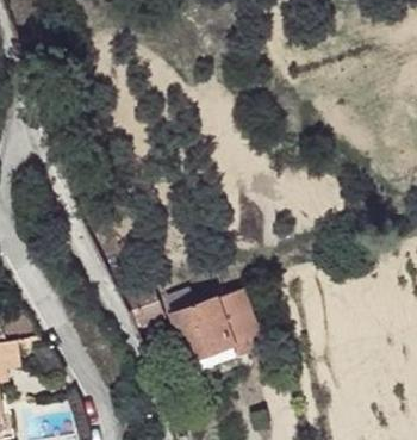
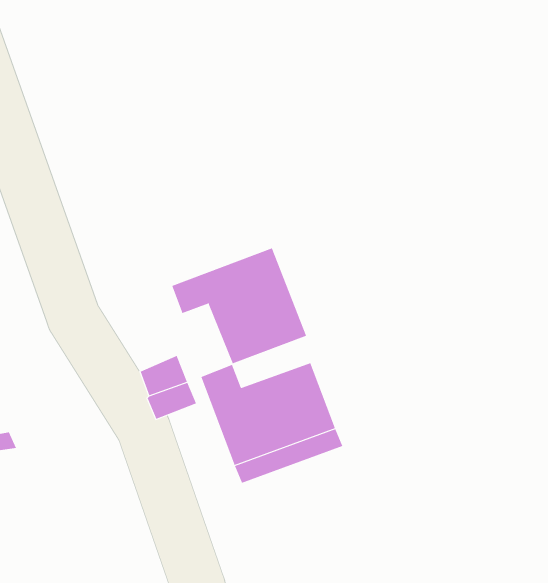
building: none -> [172,248,307,364]

